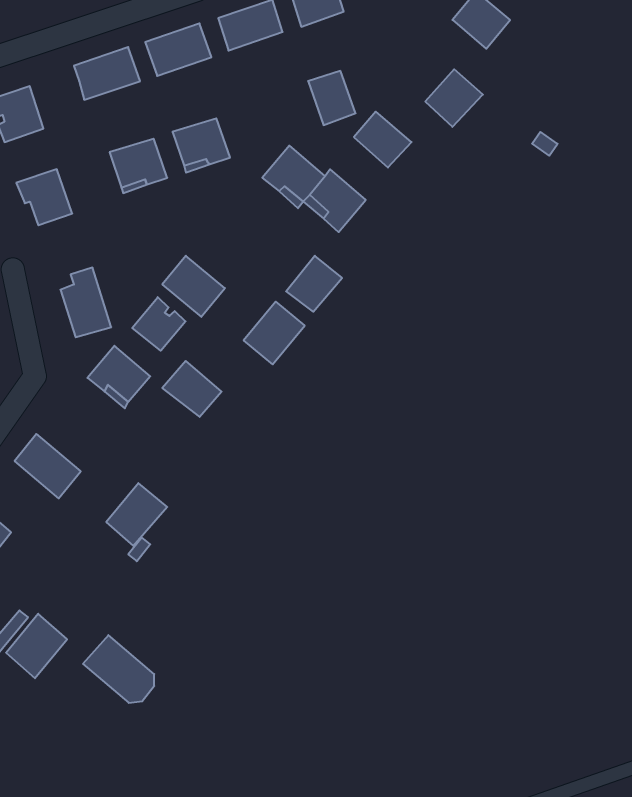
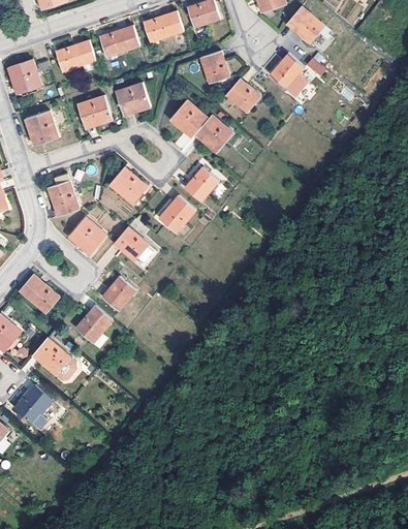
building: [132,297,186,351] -> none
building: none -> [102,276,136,310]
building: [83,635,154,703] -> [32,338,75,379]

